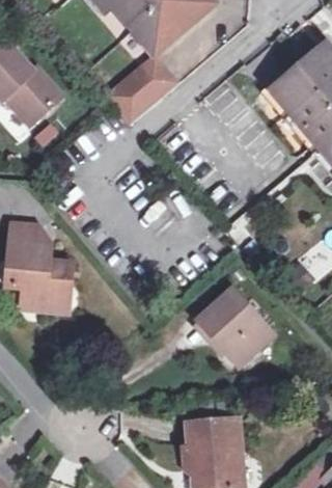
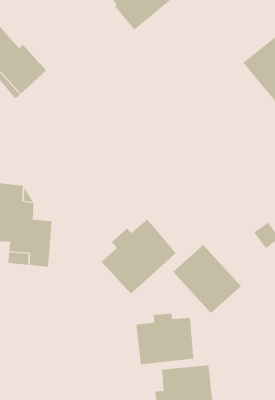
building: [104,54,181,125] -> none
building: none -> [101,219,177,294]
building: none -> [136,313,194,365]

